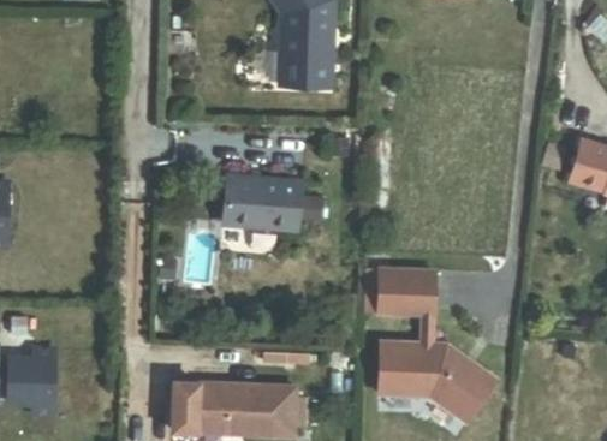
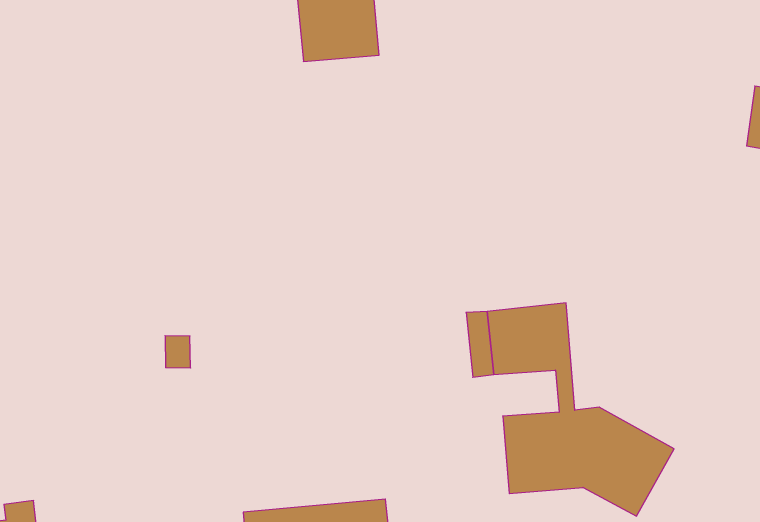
building: [224,174,300,230] -> none

